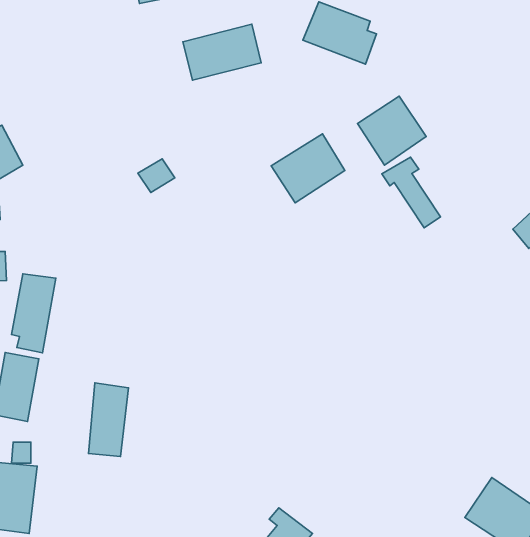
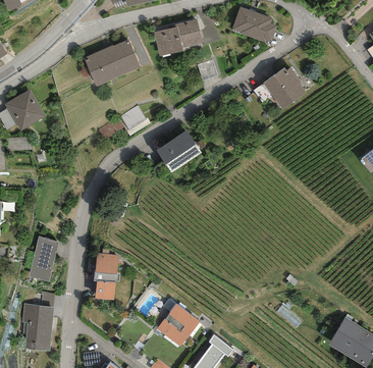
building: none -> [79,42,139,91]
building: [271,134,345,203] -> [151,132,198,175]
building: [382,157,440,228] -> none
building: [11,274,56,353] -> none
building: none -> [153,303,197,346]

